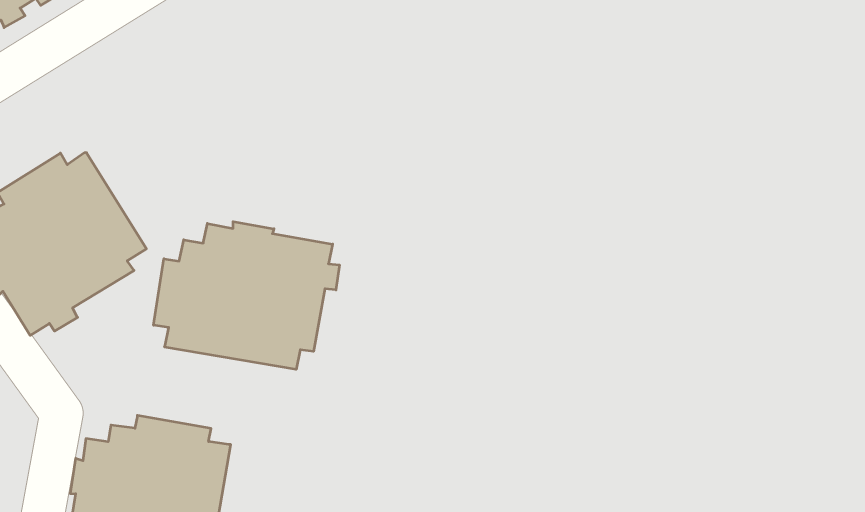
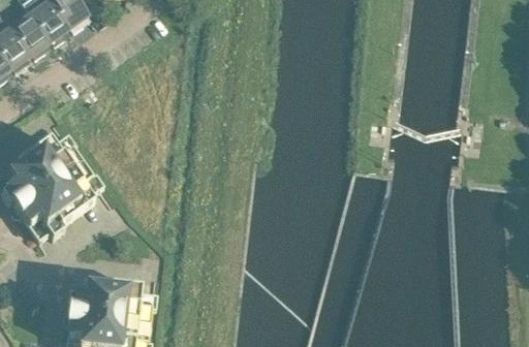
building: [154,222,339,369] -> none

